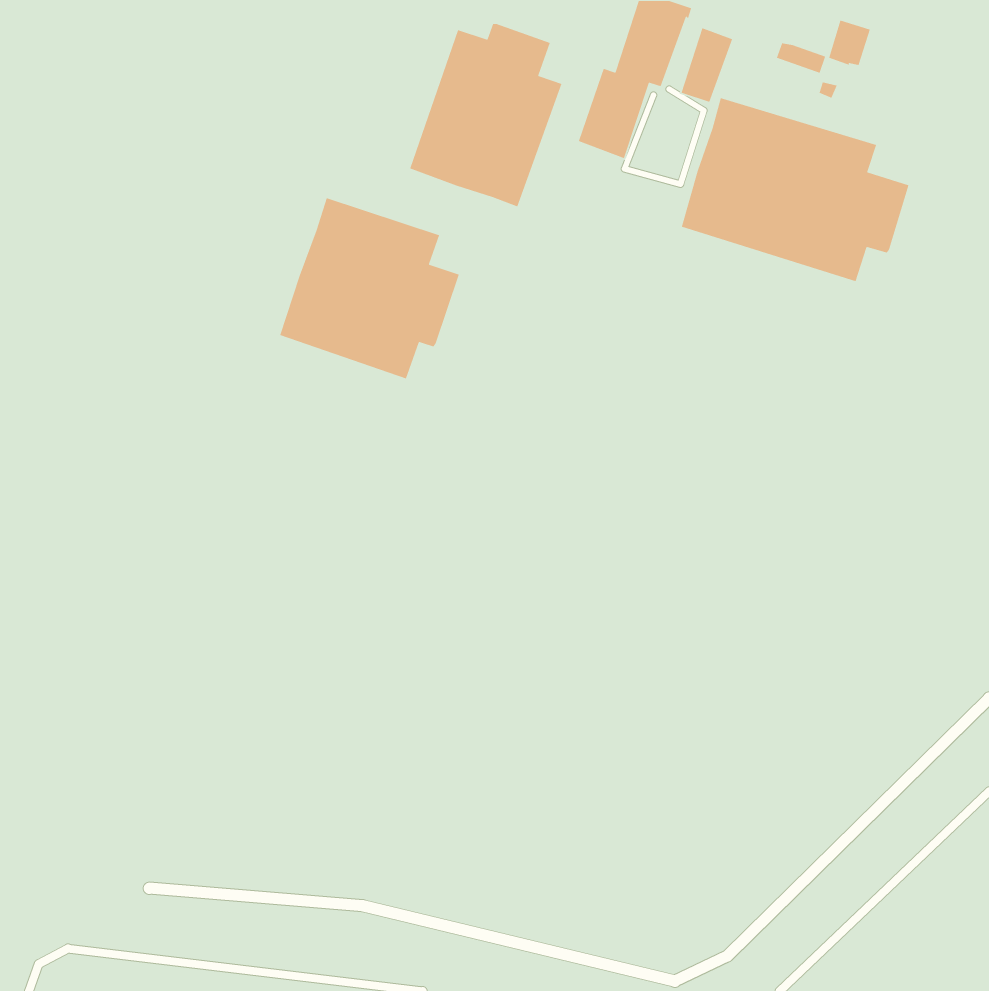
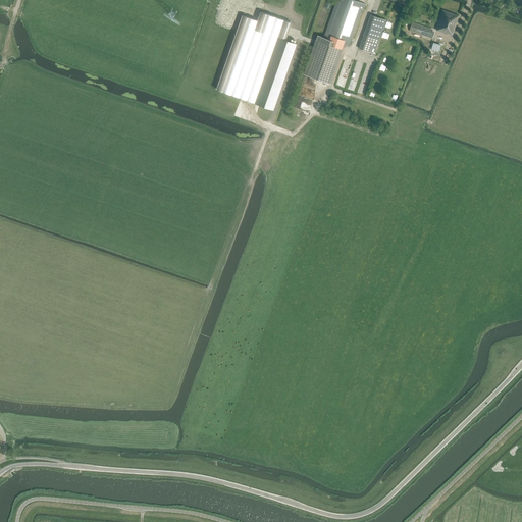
building: [681,97,910,282] -> none
building: [279,197,460,380] -> none

